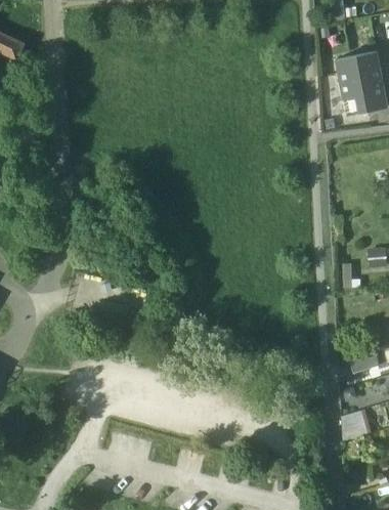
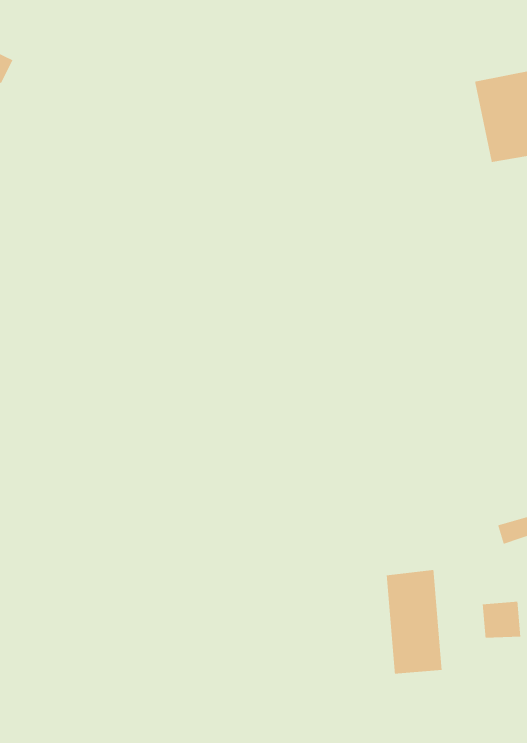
building: none -> [386,569,443,675]

